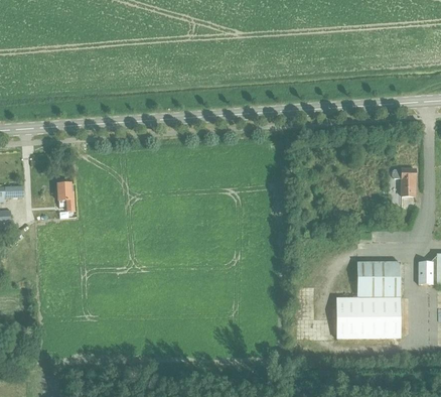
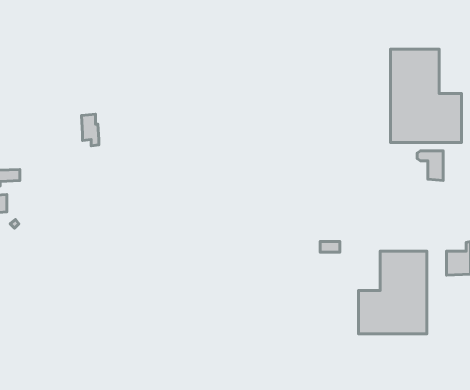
building: none -> [391,49,462,143]
building: [57,181,74,211] -> [81,114,99,146]

